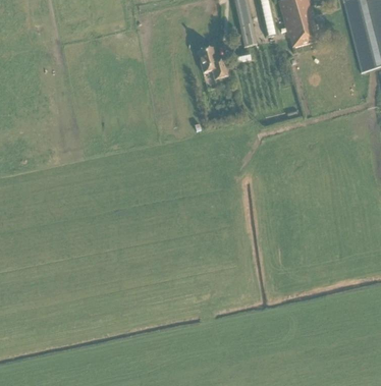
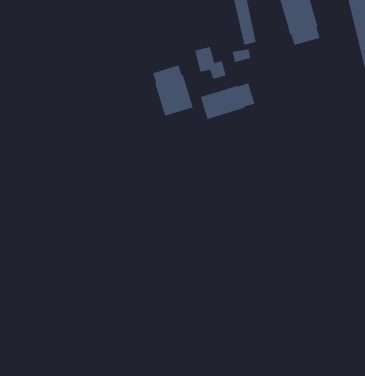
building: none -> [153,64,194,116]
building: none -> [200,83,255,120]

